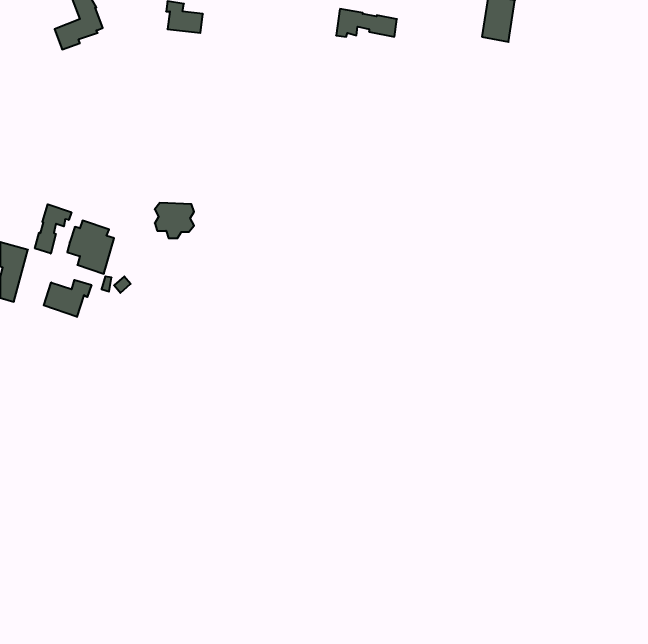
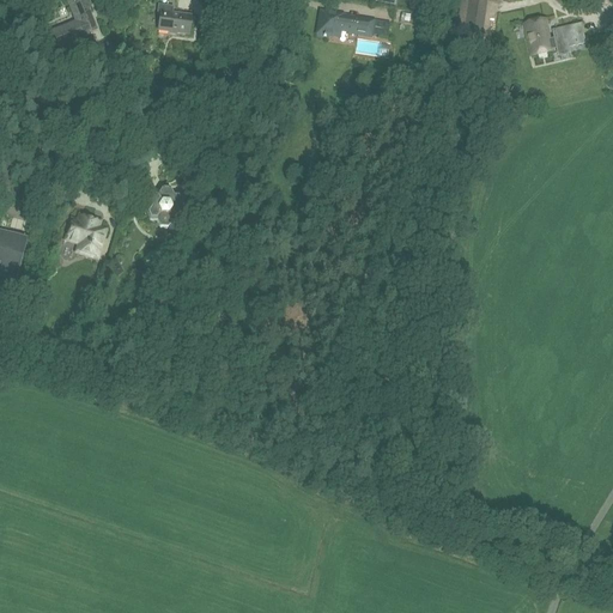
building: none -> [526,17,584,53]
building: [35,204,71,254] -> none
building: [44,280,91,317] -> none

